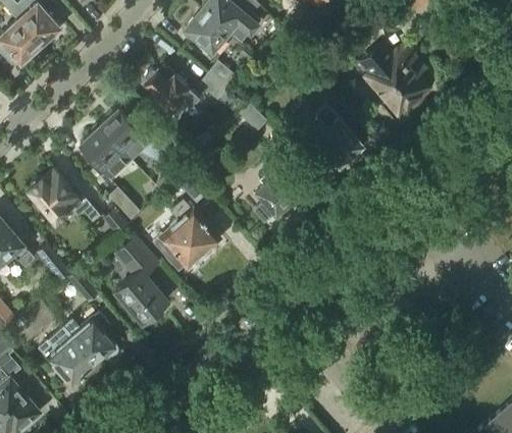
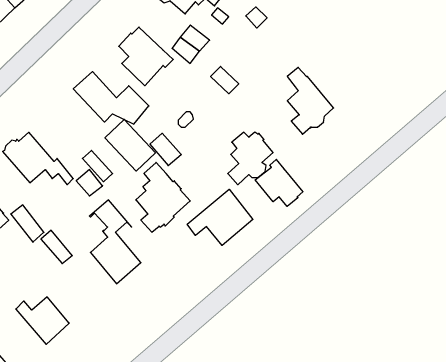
building: [360,43,428,114] -> none
building: [81,126,132,178] -> [105,119,155,171]
building: none -> [255,159,303,206]
building: none -> [187,189,253,245]
building: [65,314,119,363] -> none

